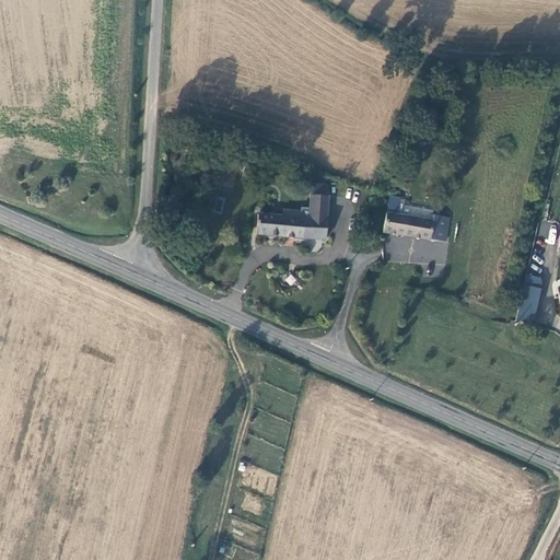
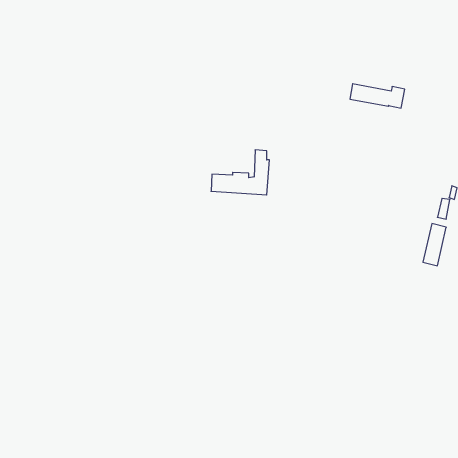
building: [383,211,450,241] -> [350,84,405,108]

